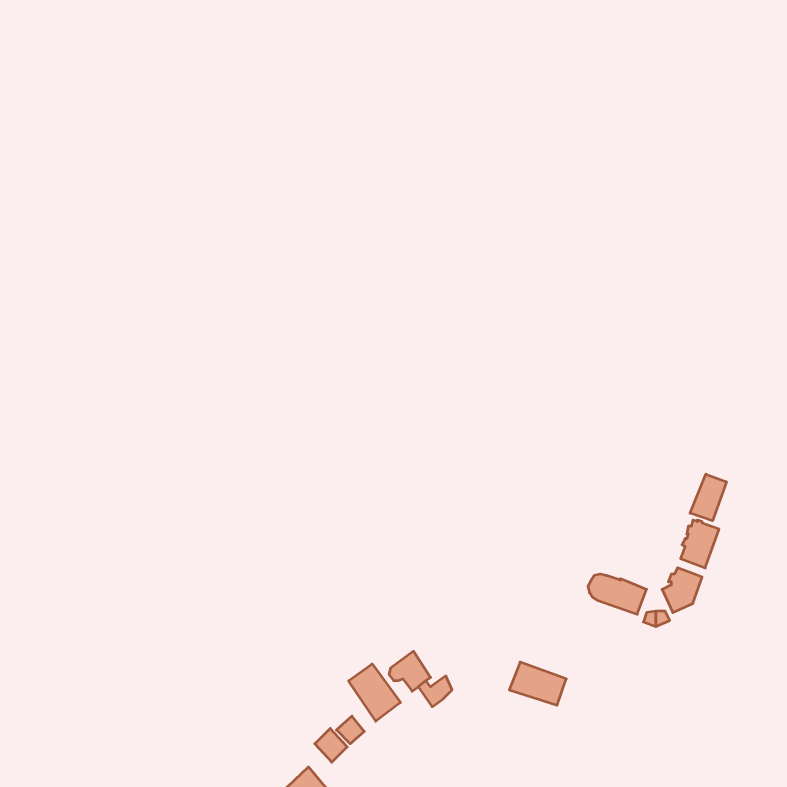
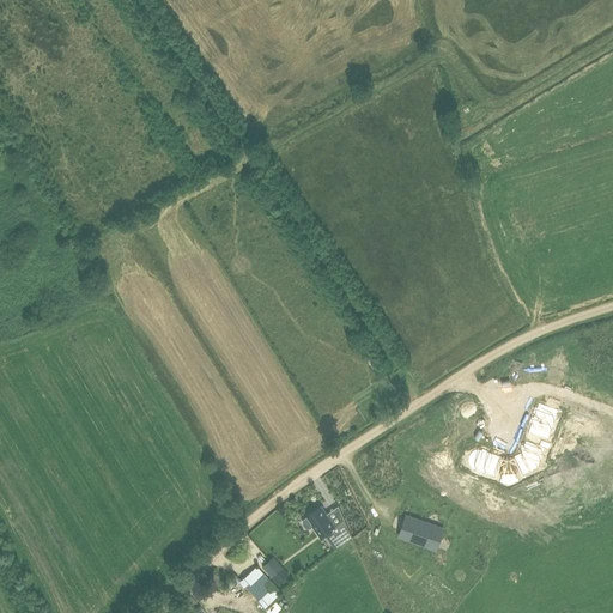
building: [690,474,726,521] -> none
building: [349,664,400,721] -> none

